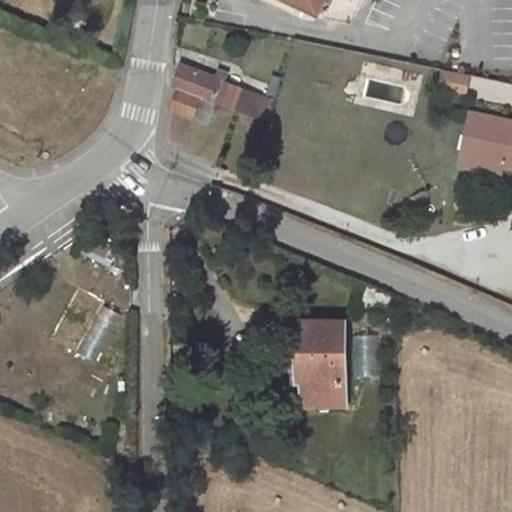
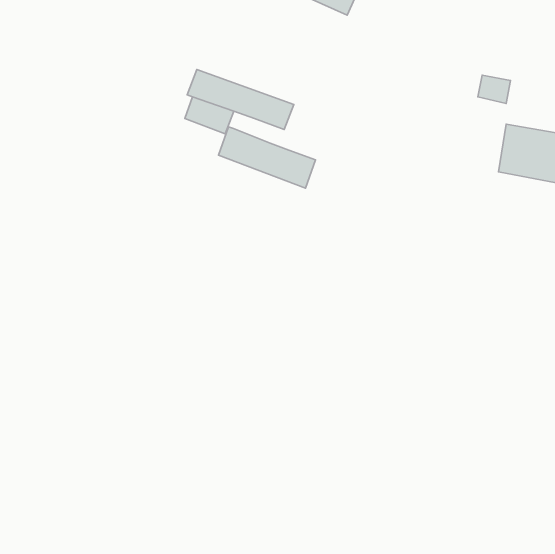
building: none -> [218,127,316,188]
building: [297,326,344,407] -> none

